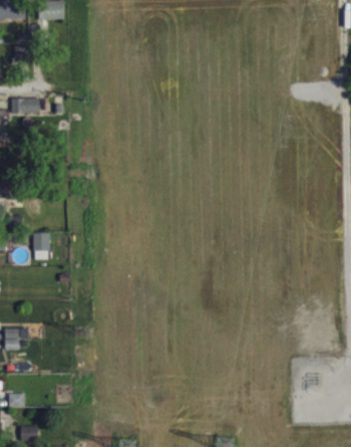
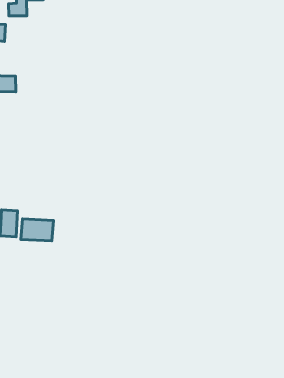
building: none -> [21,219,53,241]

